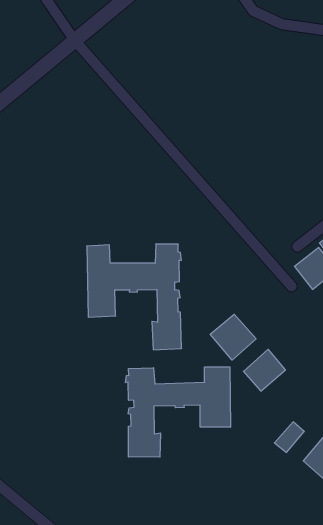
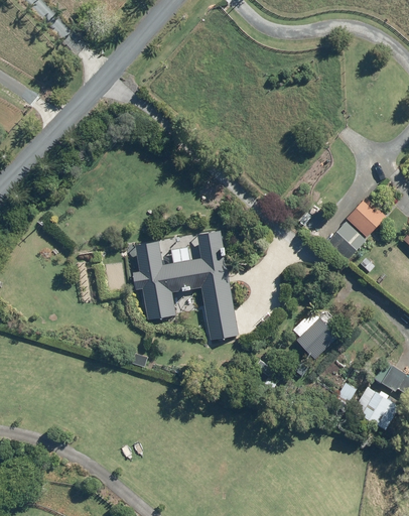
building: [210,314,256,360] -> none
building: [126,367,230,457] -> none

